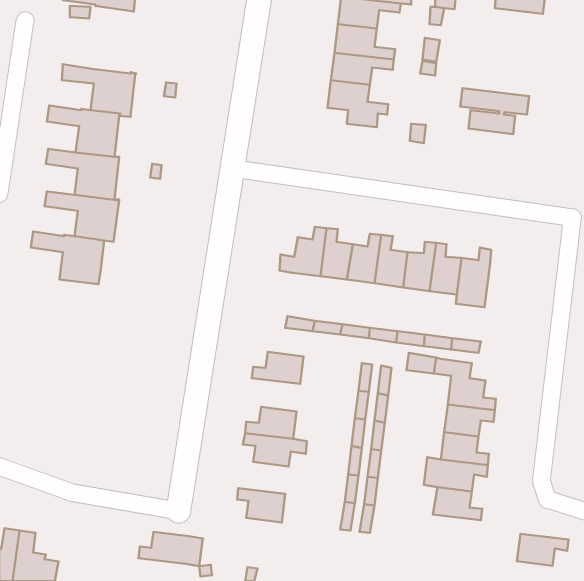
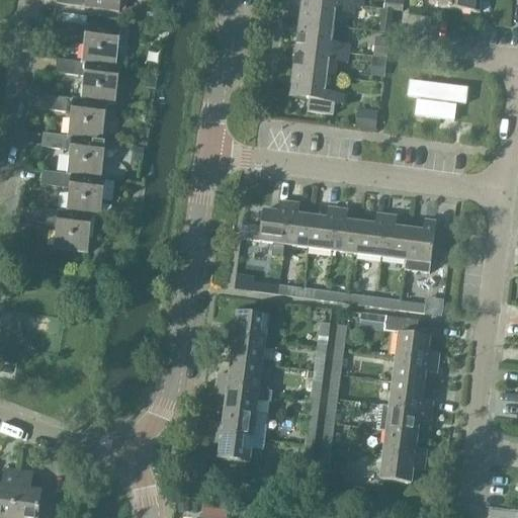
building: none -> [56,19,120,65]
building: none -> [221,334,265,363]
building: [139,532,203,566] -> [210,408,267,438]
building: [517,534,568,566] -> [379,454,425,483]

